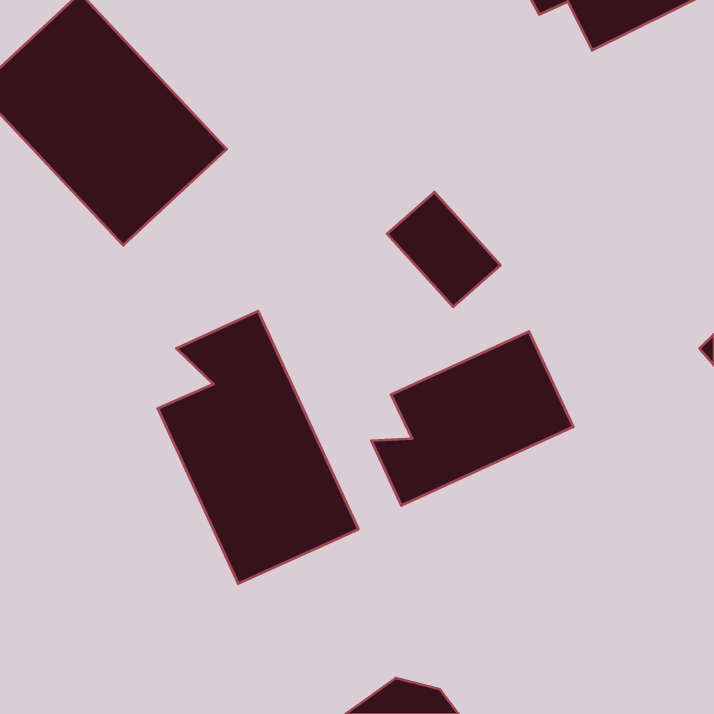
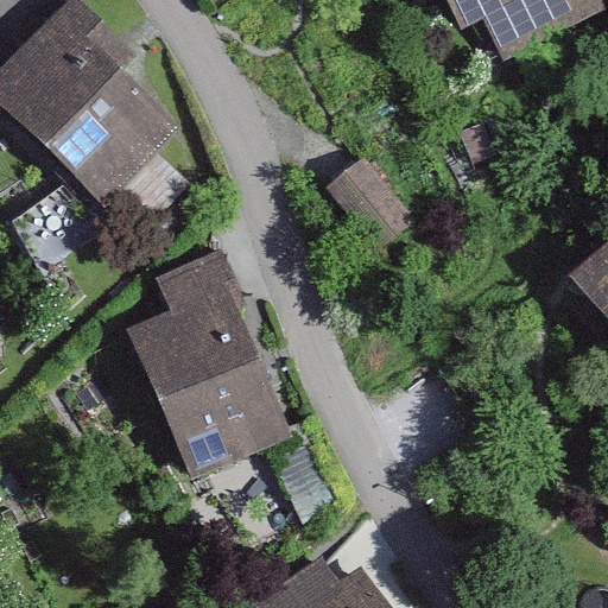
building: [371,331,573,506] -> none

